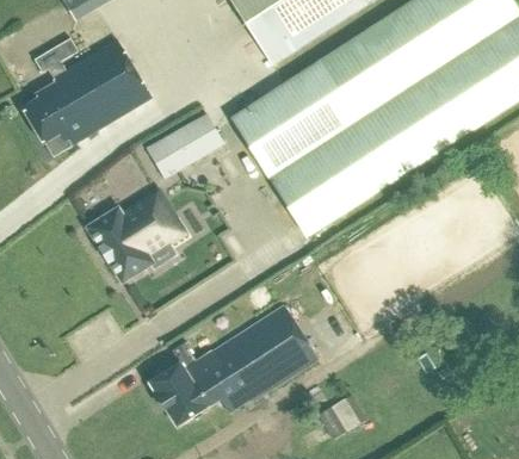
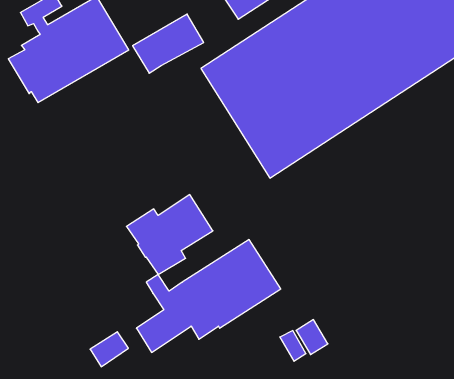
building: [146,113,223,178] -> [133,14,204,73]
building: [87,192,181,279] -> [126,195,213,275]
building: [148,362,190,401] -> [90,332,128,367]

